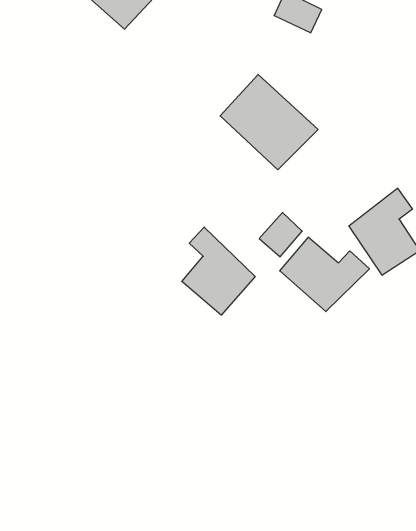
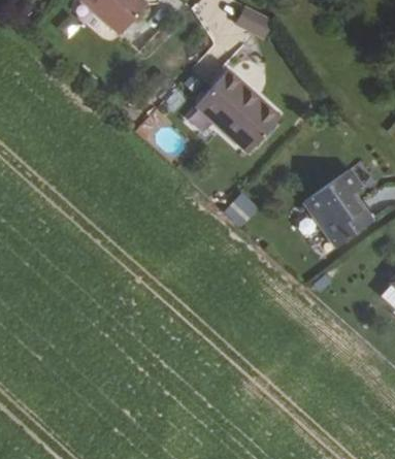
building: [182,227,255,315] -> none
building: [280,237,369,312] -> none

